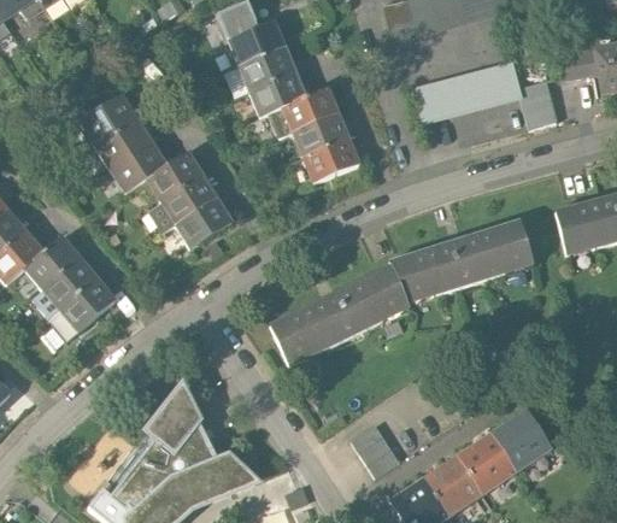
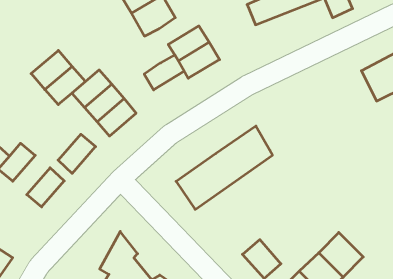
building: [281,86,337,130] -> [144,55,184,90]
building: [76,89,135,141] -> none
building: [392,218,536,301] -> none
building: [42,257,98,310] -> [58,134,96,173]
building: [488,409,550,471] -> none

